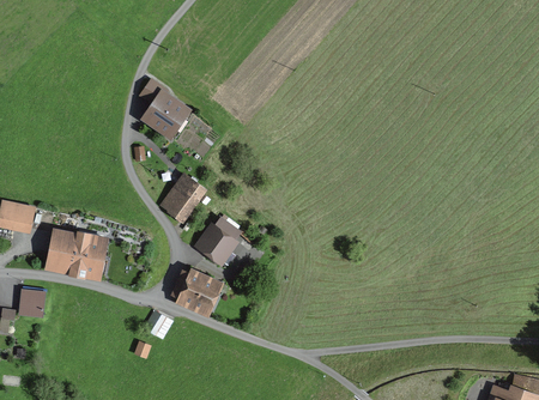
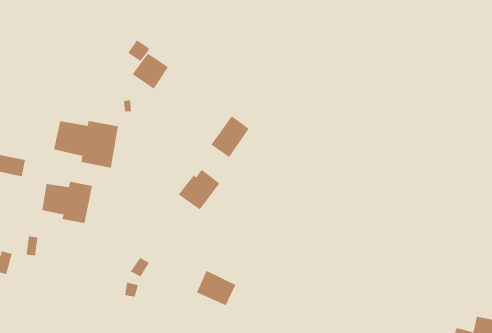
building: none -> [53,120,118,168]
building: [162,174,204,219] -> [210,116,250,158]
building: [174,271,217,309] -> [196,270,236,306]

